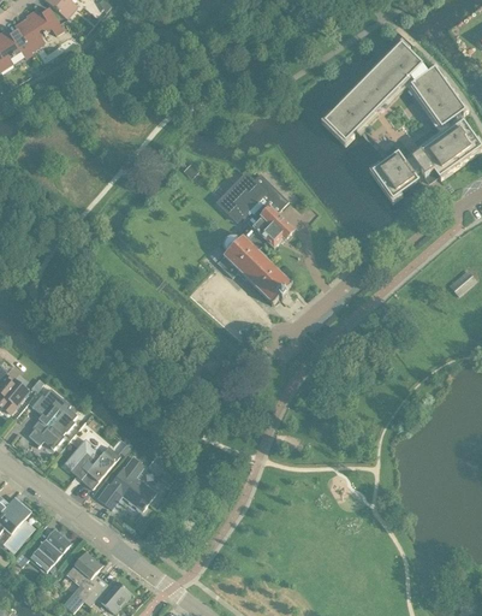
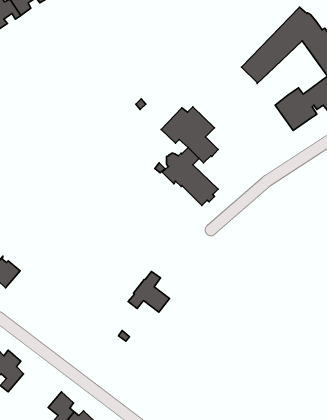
building: [28,389,77,448] -> none
building: [63,438,119,488] -> none
building: [101,456,156,510] -> [128,271,170,312]
building: [14,528,70,570] -> none

